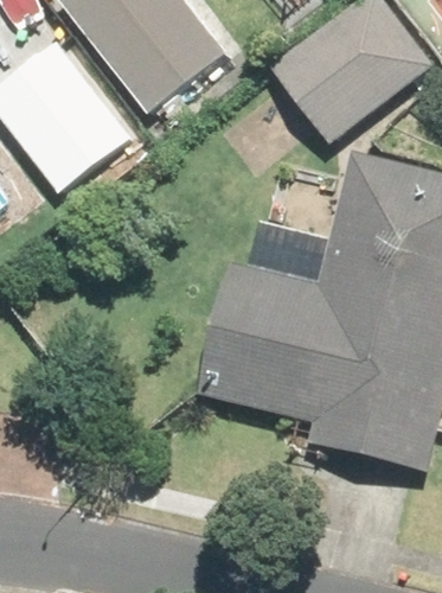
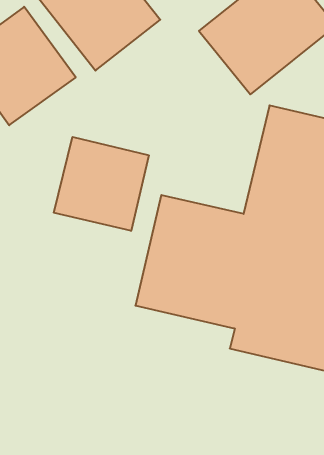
building: none -> [54,137,149,231]

